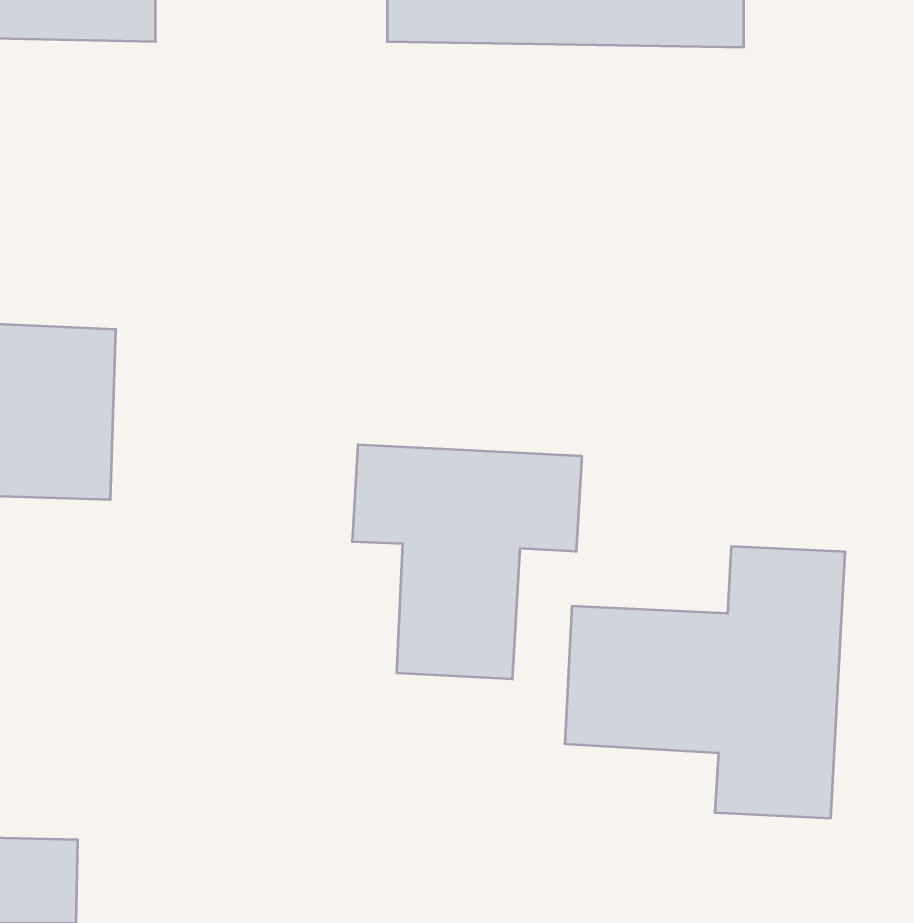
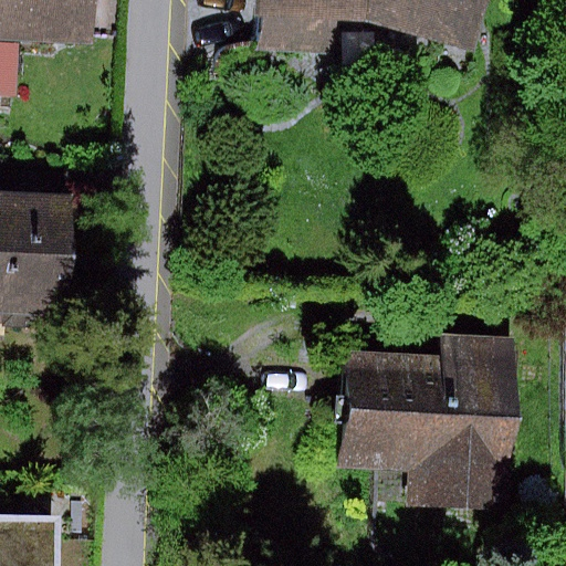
building: [352,445,582,679] -> none

